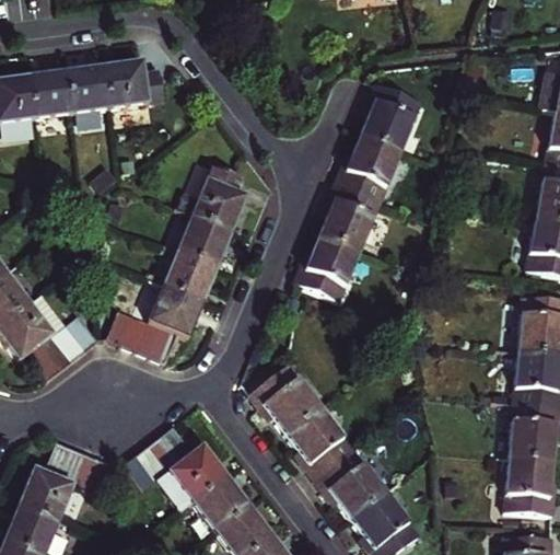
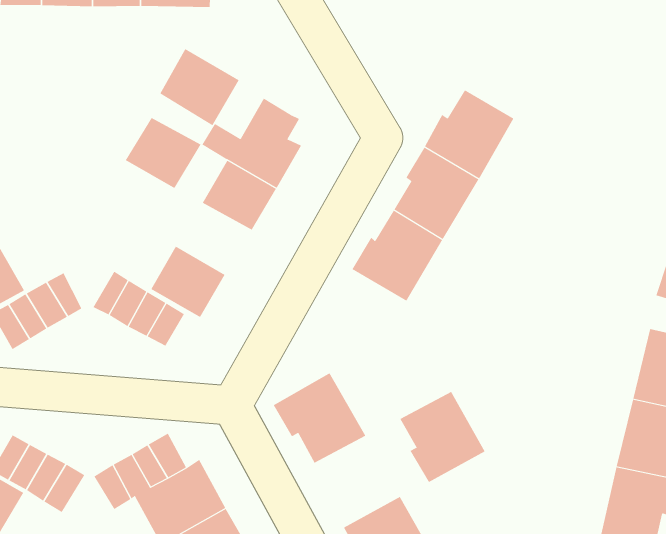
building: [361,84,422,153] -> none
building: none -> [159,48,240,126]
building: [161,250,217,301] -> [125,117,201,189]
building: [288,407,355,478] -> [399,391,485,483]

